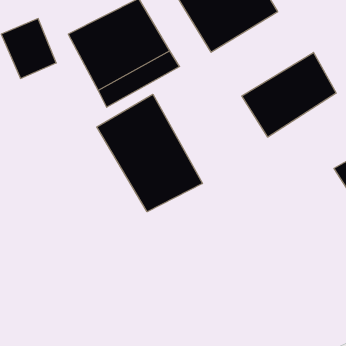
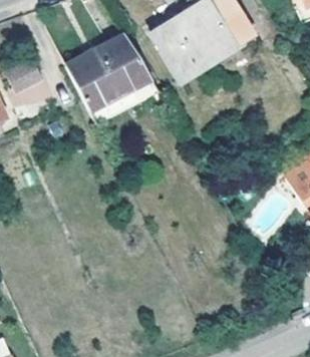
building: [242,52,336,137] -> none
building: [97,94,202,212] -> none

